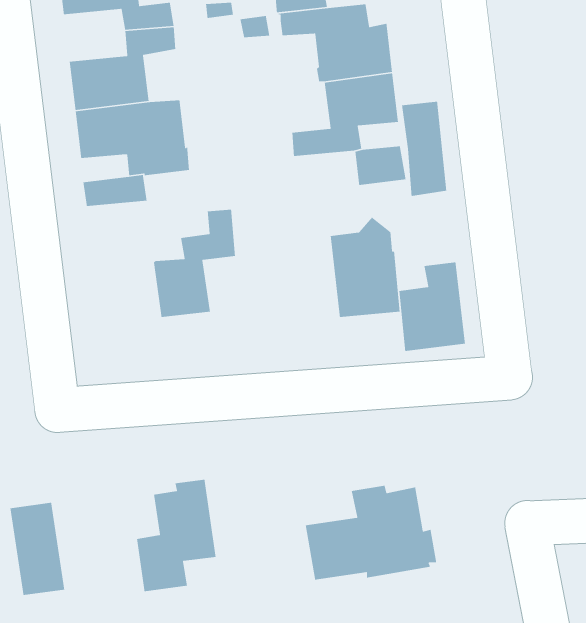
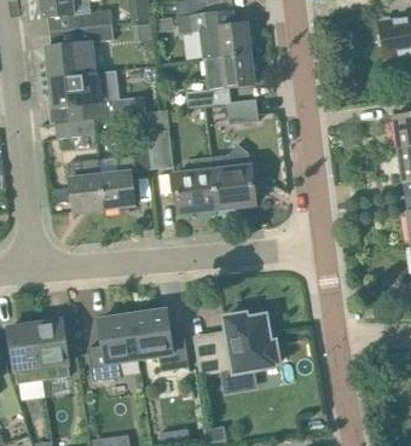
building: [401,101,447,197] -> [145,109,174,169]
building: none -> [68,158,104,212]
building: [399,262,466,352] -> [174,156,216,213]
building: none -> [132,307,189,371]
building: none -> [35,320,70,380]

